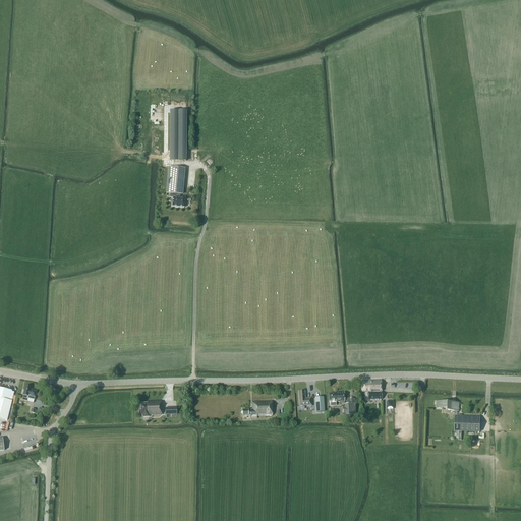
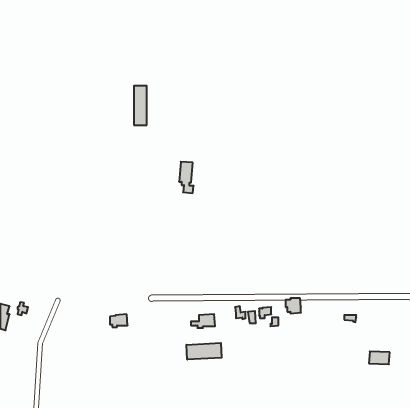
building: [167,166,185,206] -> [179,162,194,193]
building: [454,414,480,430] -> [369,351,390,364]
building: none -> [186,343,222,360]

